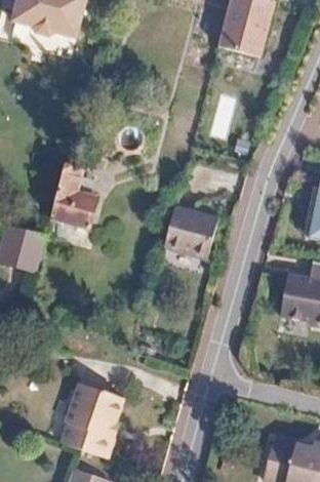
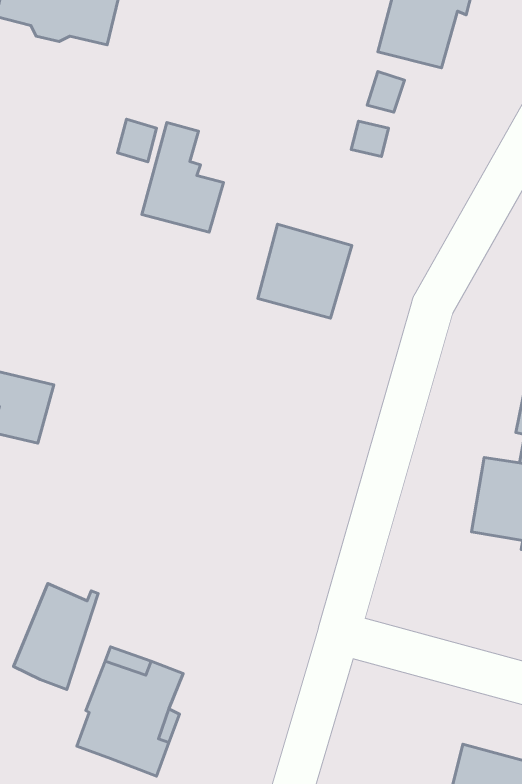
building: [48,165,95,229] -> [142,122,223,232]
building: [163,203,217,257] -> [258,224,352,318]
building: none -> [14,583,98,689]

